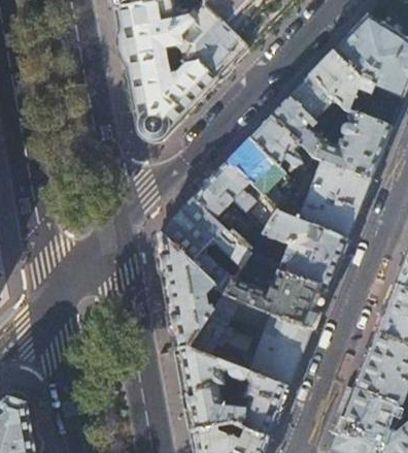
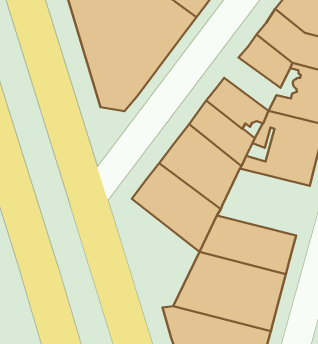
building: [268,100,326,160] -> none
building: [243,217,344,294] -> none
building: [155,235,220,353] -> none

